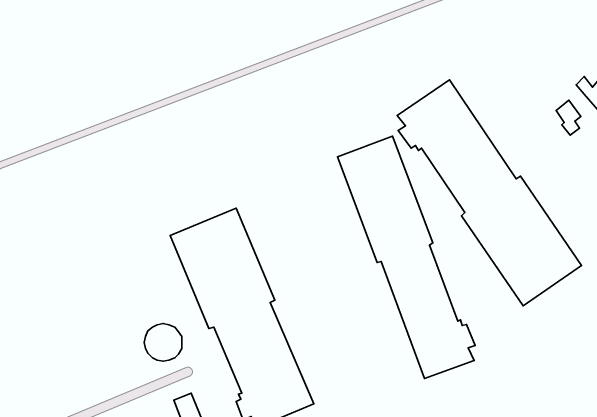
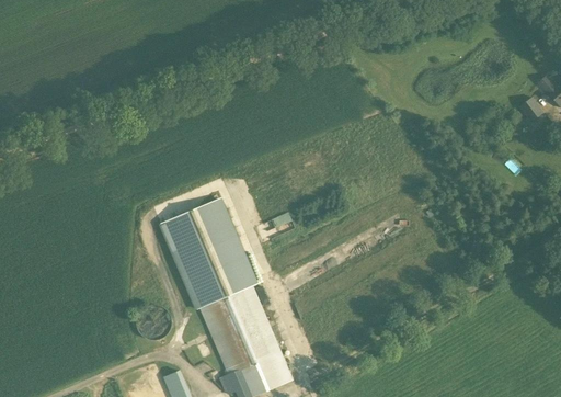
building: [397,80,581,306] -> none
building: [337,136,475,378] -> none

